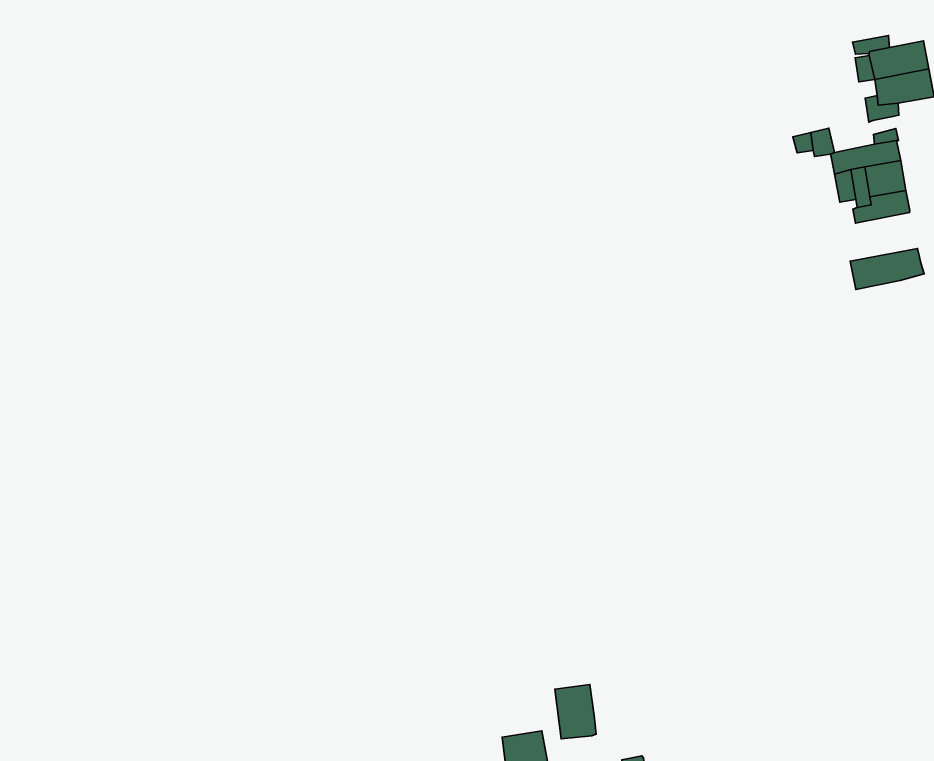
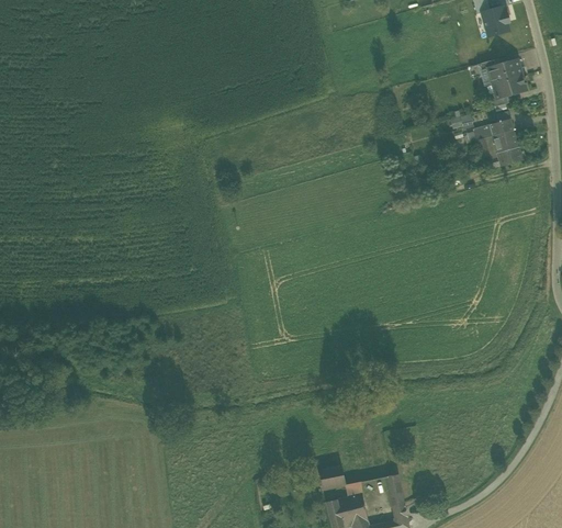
building: [850,248,924,290] -> none
building: [555,684,596,739] -> none

